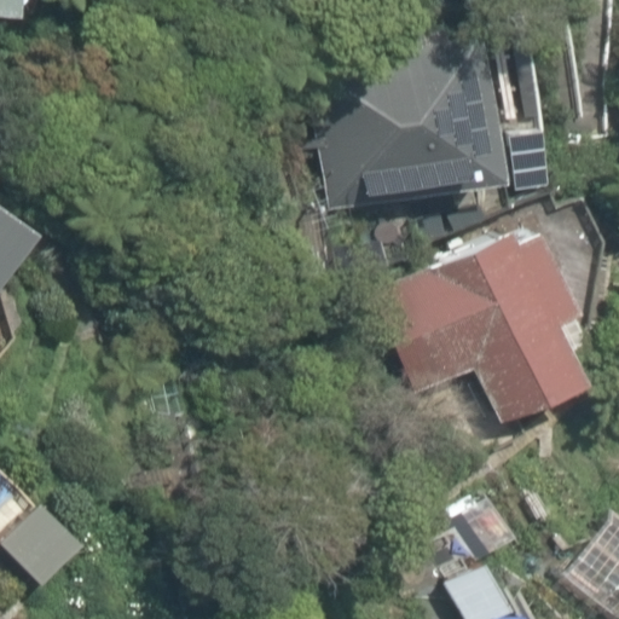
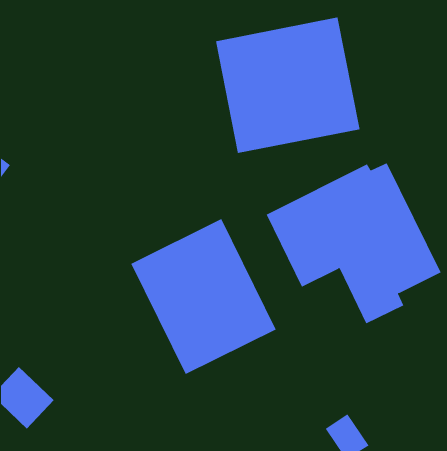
building: none -> [131,218,276,375]

